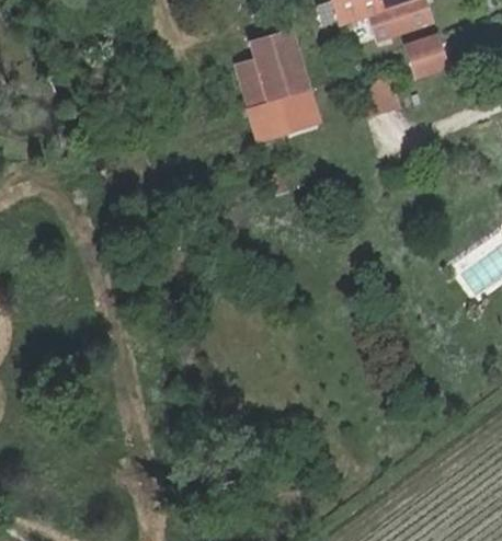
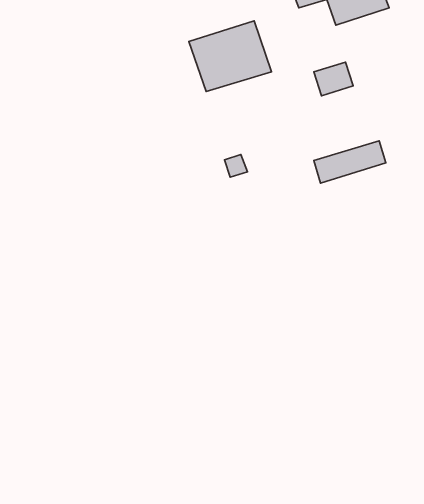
building: [402,33,448,79] -> none
building: [248,87,320,129] -> [314,141,386,183]

